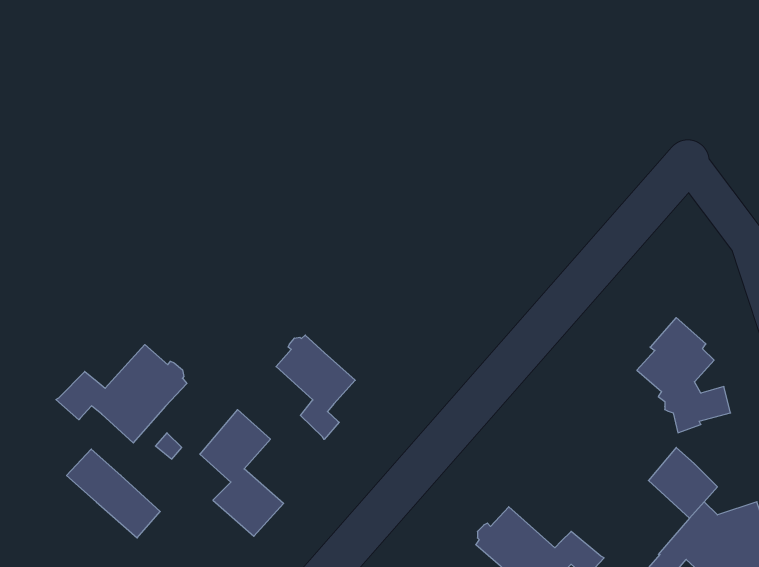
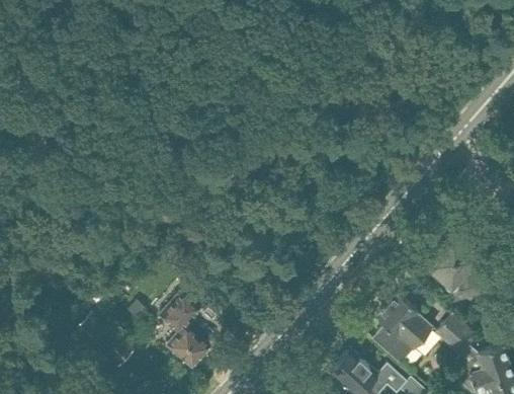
building: [276,335,355,439] -> none
building: [56,345,187,443] -> none
building: none -> [374,295,434,364]

